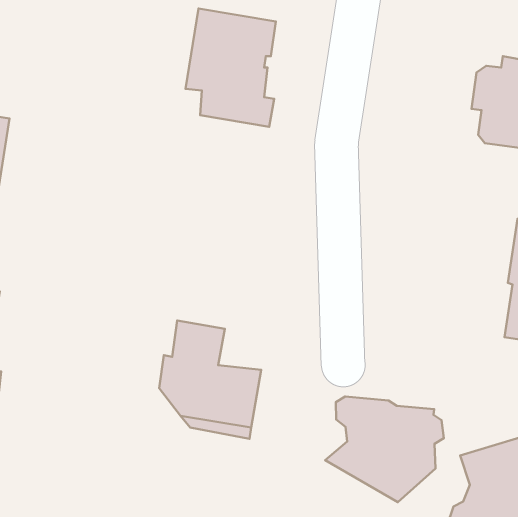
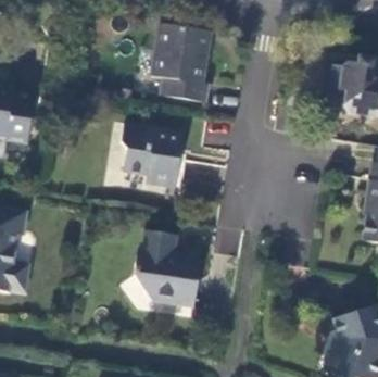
building: none -> [121,124,182,188]
building: [325,396,444,502] -> none

